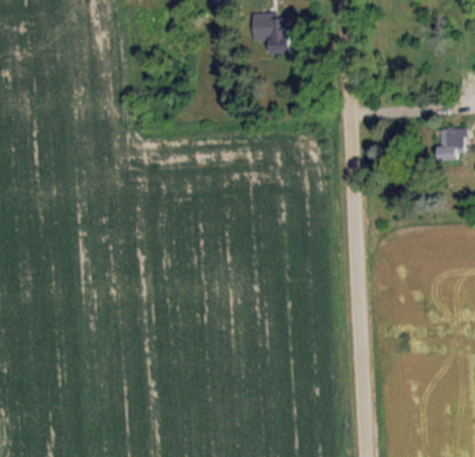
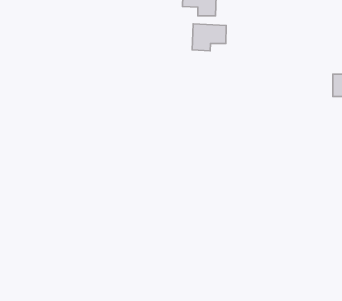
building: none -> [192,24,226,51]

